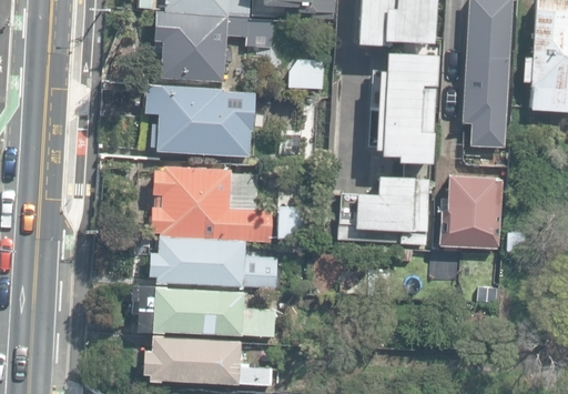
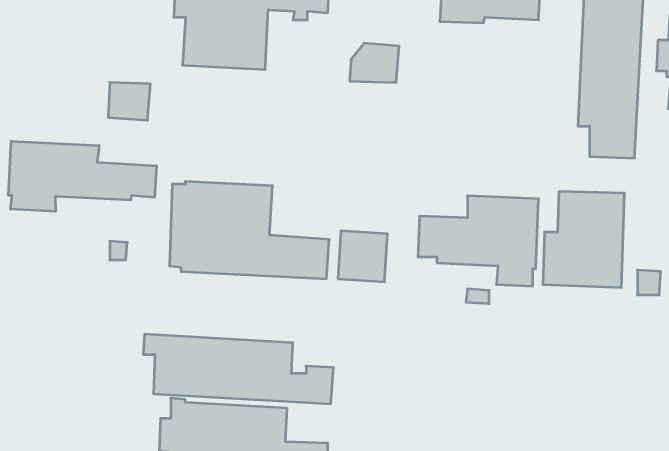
building: [375,53,438,164] -> none
building: [145,87,257,159] -> none
building: none -> [8,141,156,211]
building: [150,239,277,290] -> none

